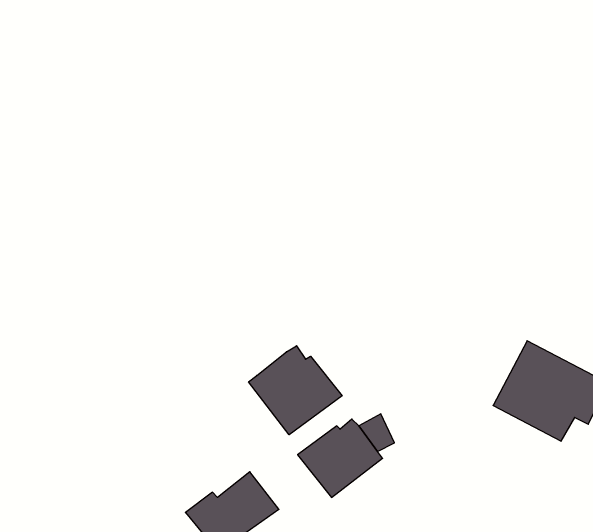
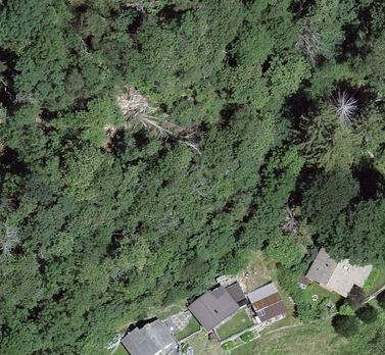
building: [249,346,342,435] -> none
building: none -> [248,283,287,321]

